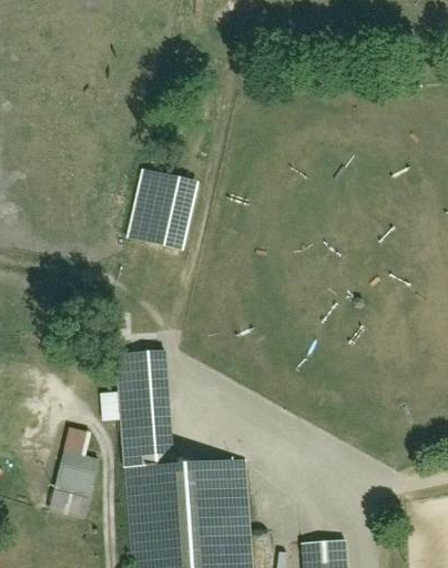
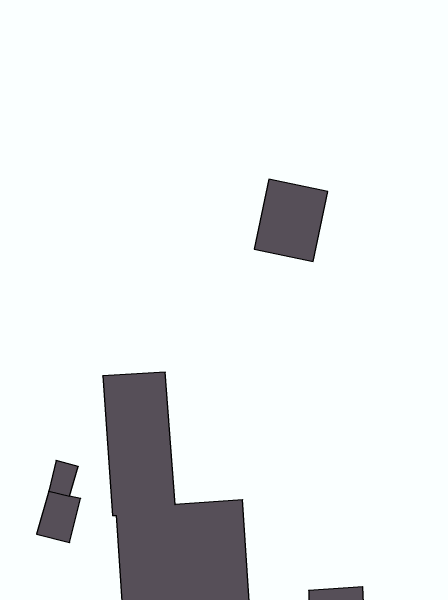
building: [141,179,207,253] -> [254,179,328,261]

